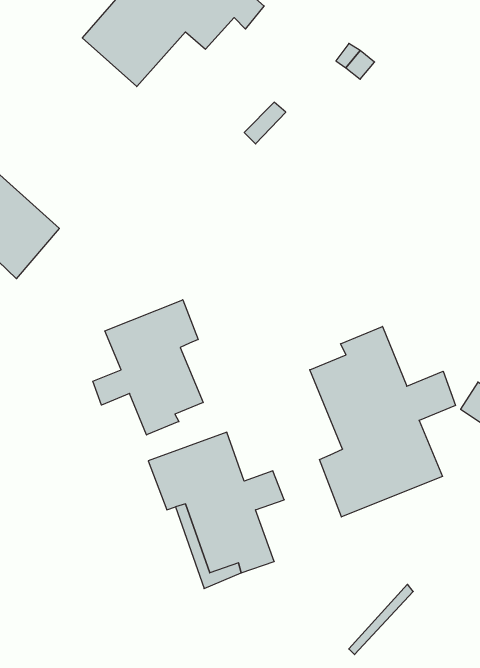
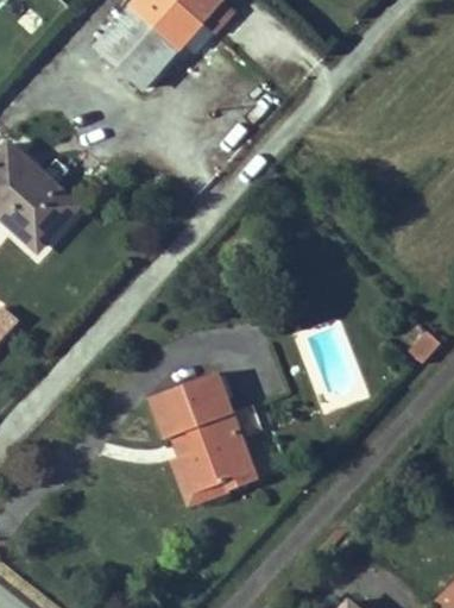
building: [93,300,203,435] -> none
building: [310,326,455,517] -> none

